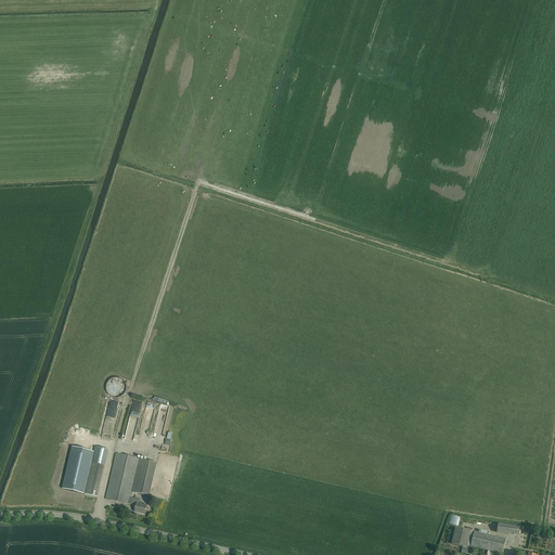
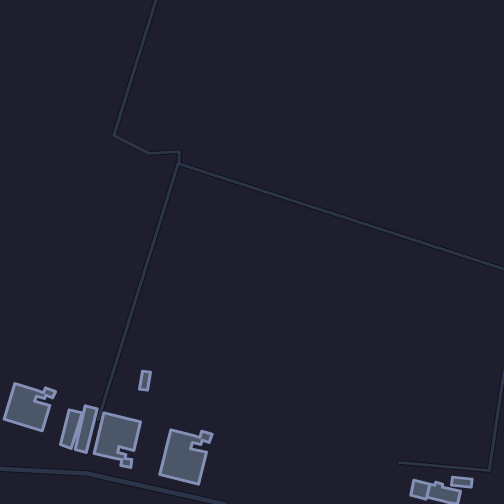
building: none -> [4,383,56,431]
building: none -> [160,430,212,484]

